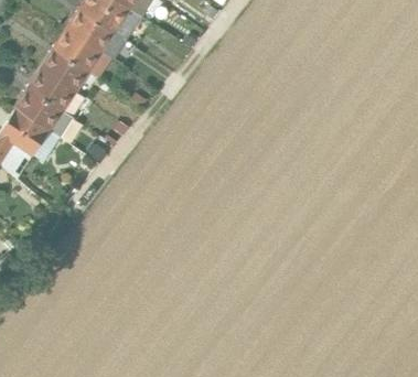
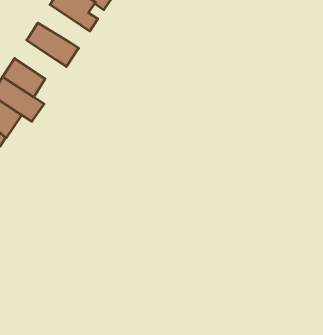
building: [67,10,125,57] -> none
building: [42,49,88,90] -> none

